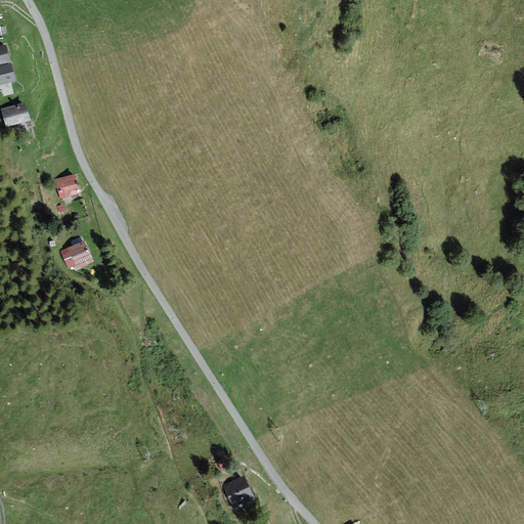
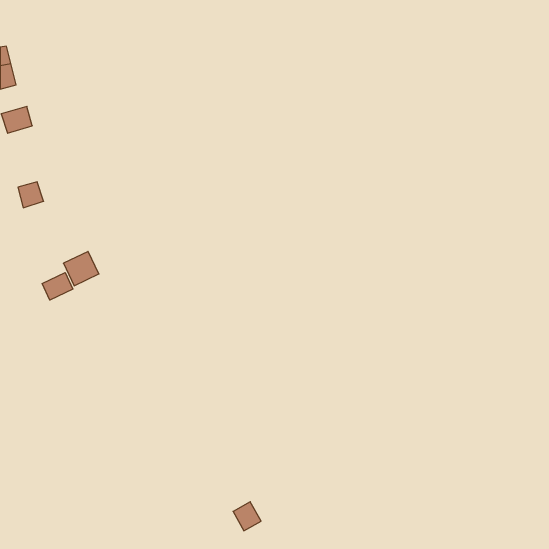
building: [55,174,80,199] -> [18,182,44,208]
building: none -> [42,273,73,300]

